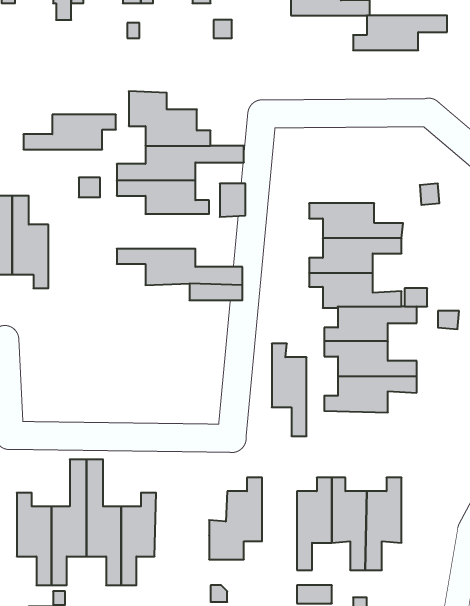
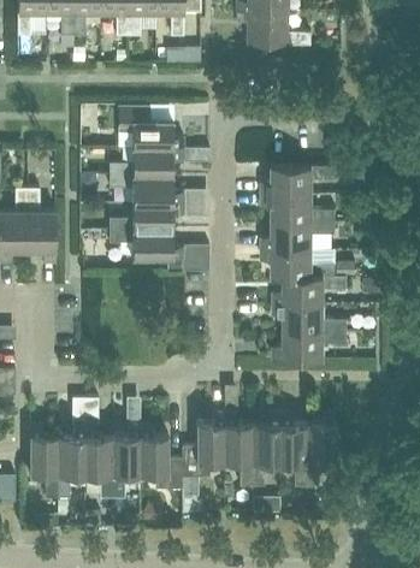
building: [353,15,447,50] -> [261,167,336,195]
building: [23,115,116,149] -> [108,203,182,231]
building: [272,344,307,436] -> [224,413,252,486]
building: none -> [138,425,182,490]

